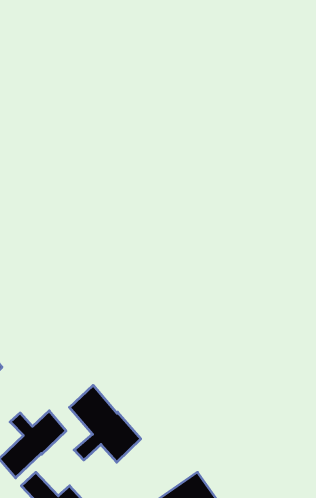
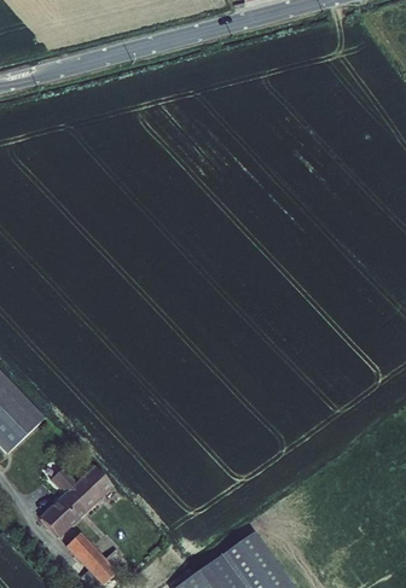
building: [69,385,141,462] -> none

